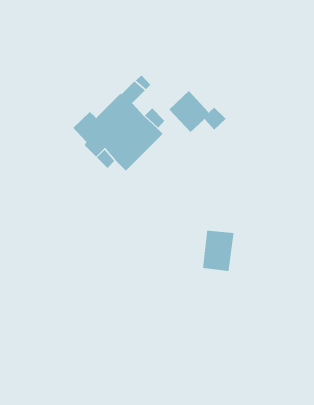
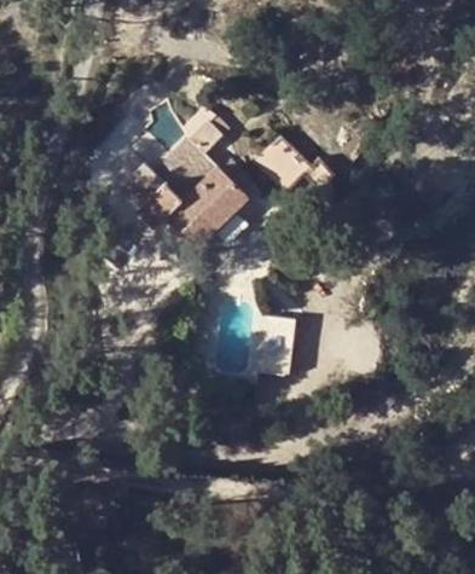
building: [202,230,234,272] -> [250,315,295,373]

